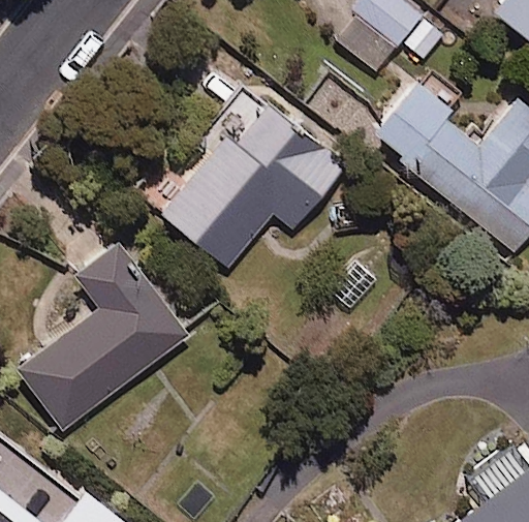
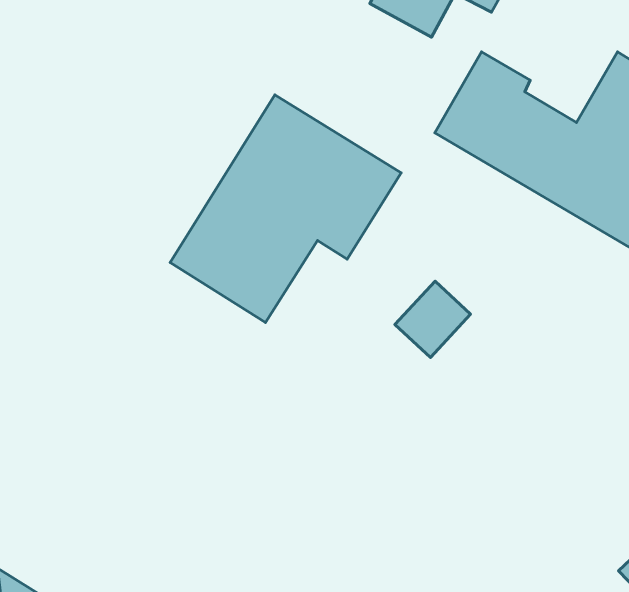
building: [22,240,193,428] -> none

